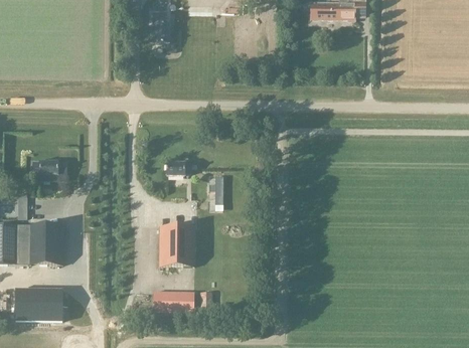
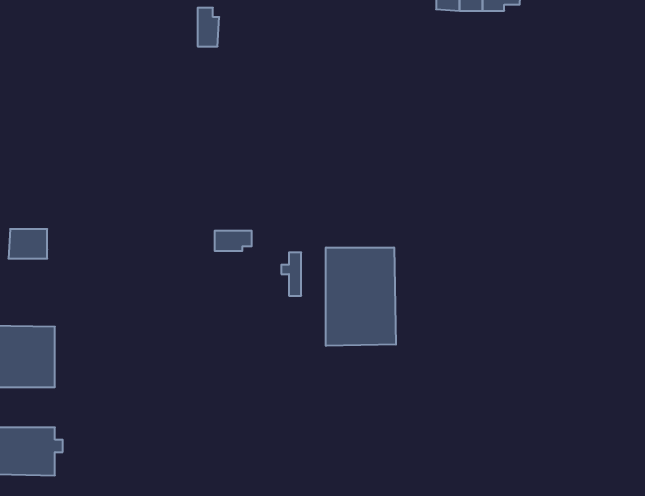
building: none -> [326,247,396,346]
building: [159,225,194,266] -> none
building: [152,291,193,313] -> none

